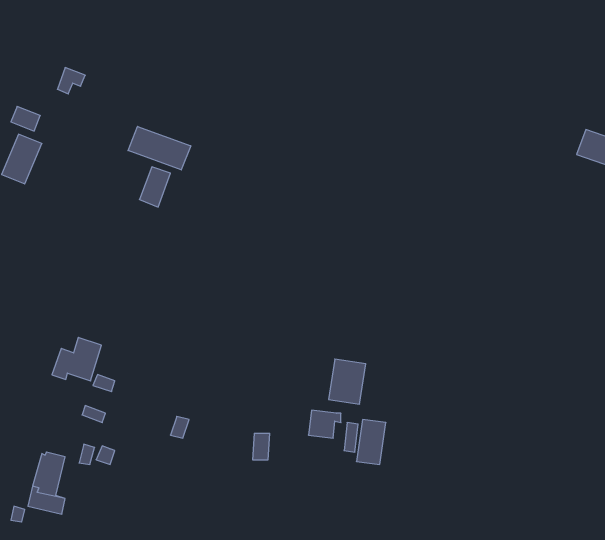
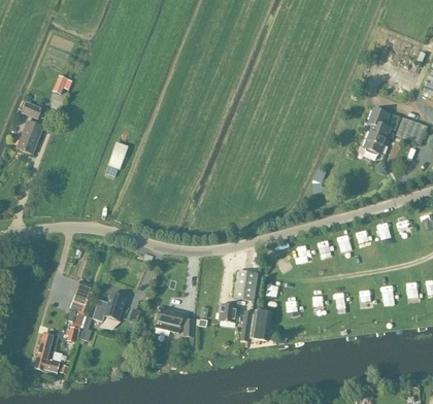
building: none -> [365,109,390,153]
building: [128,126,191,170] -> none
building: [52,337,101,381] -> [92,293,125,322]
building: none -> [154,307,182,333]

